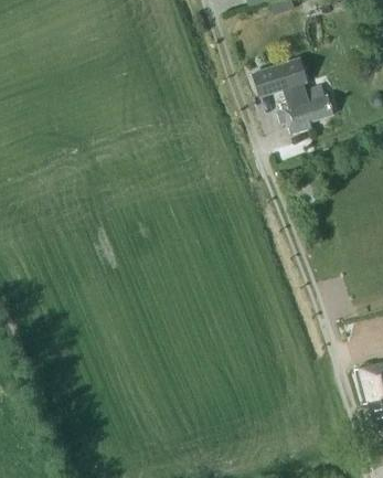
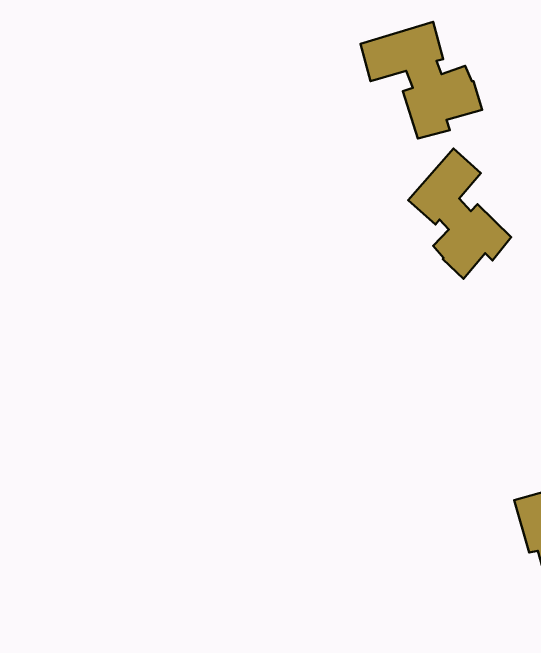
building: none -> [408,149,511,279]

